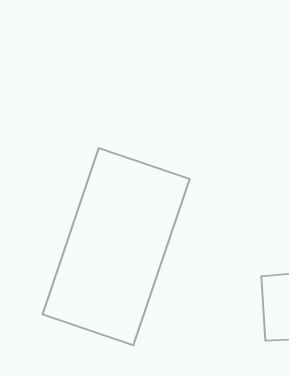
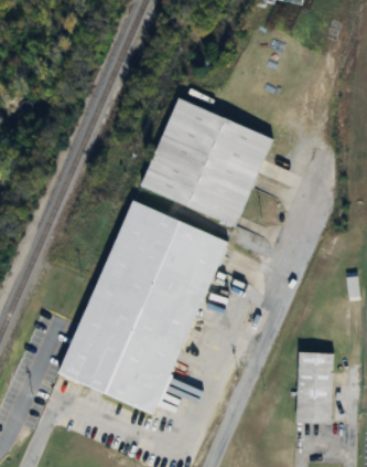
building: none -> [143,99,273,224]

